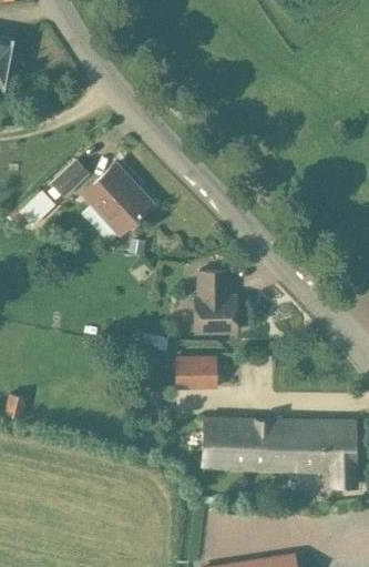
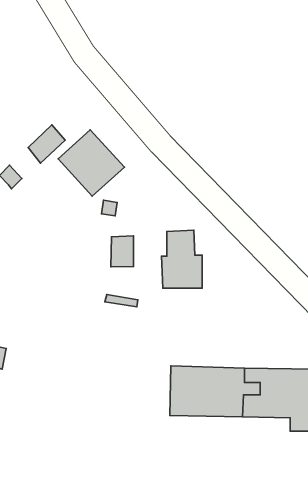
building: none -> [111,236,134,267]
building: [175,357,216,389] -> none

